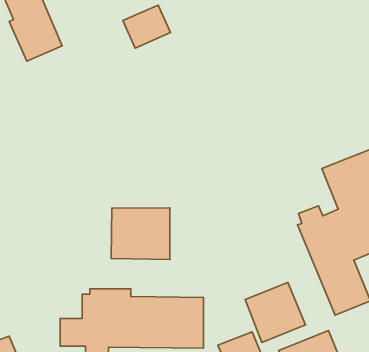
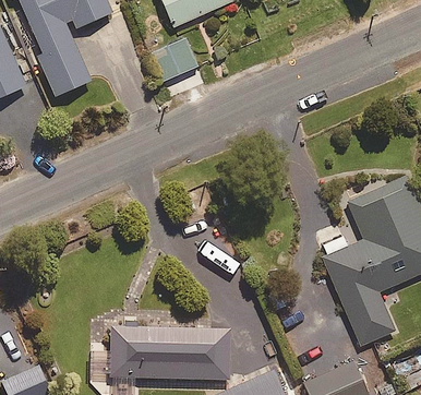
building: [111,208,170,259] -> none
building: [245,282,305,343] -> none

